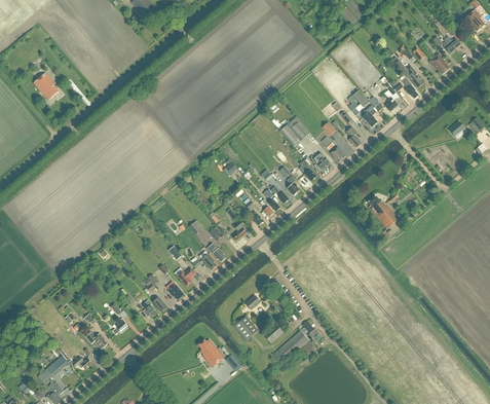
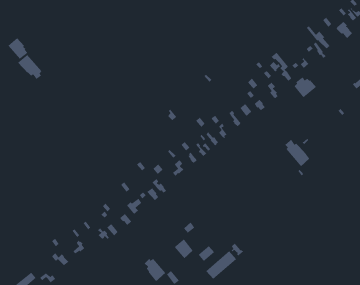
building: none -> [17,54,42,80]
building: [280,118,309,147] -> none
building: none -> [294,76,317,98]

